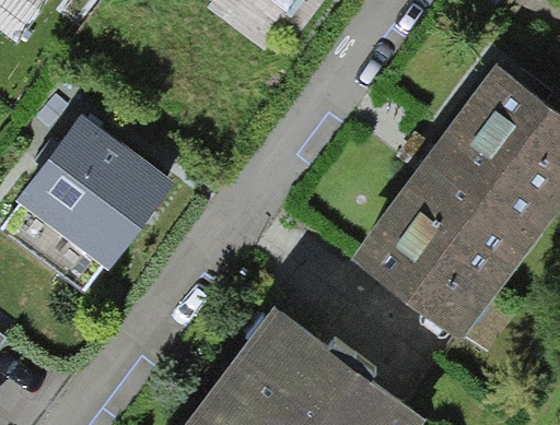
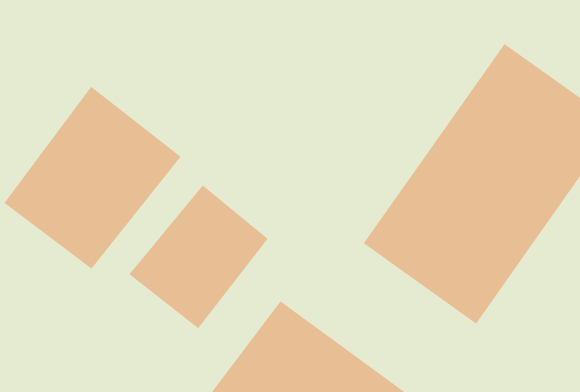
building: none -> [129,184,268,329]

